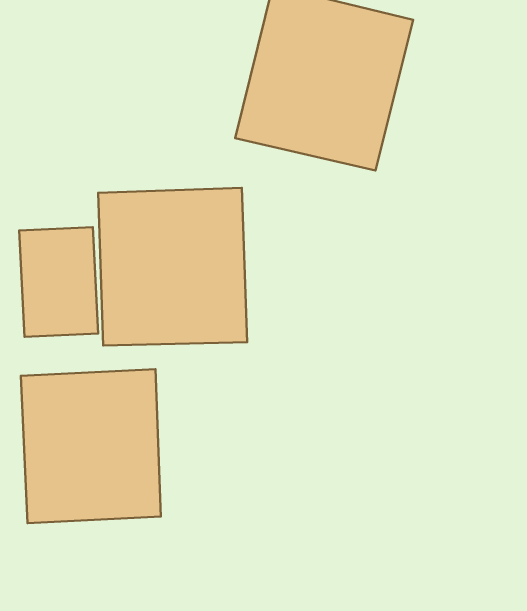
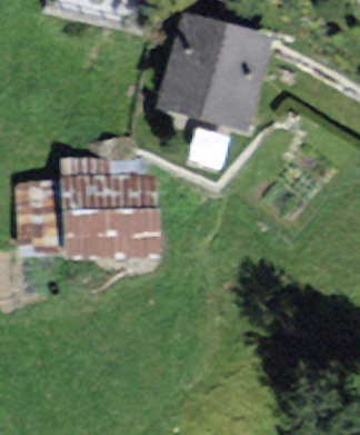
building: [21,369,161,523] -> none

